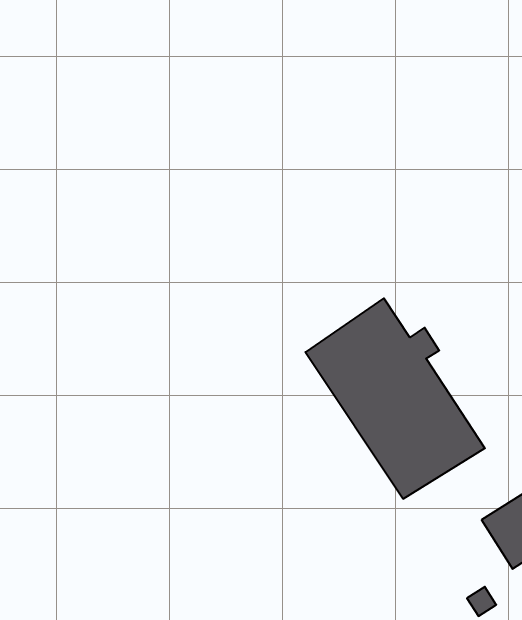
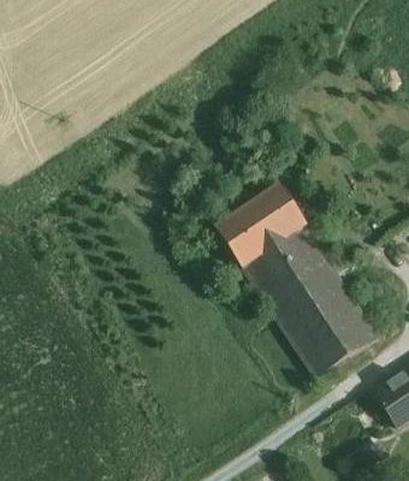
building: none -> [215,185,306,268]

